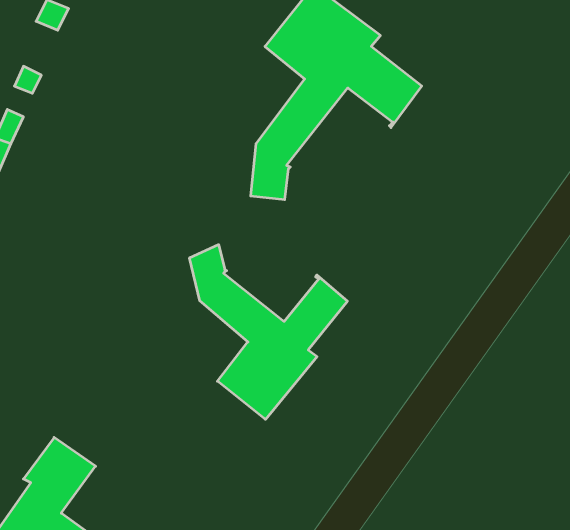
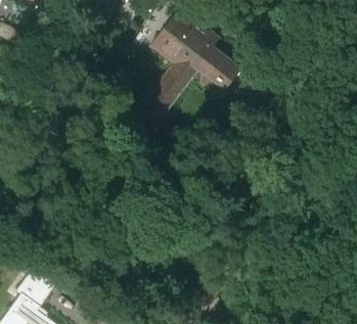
building: [190,245,347,419] -> none

